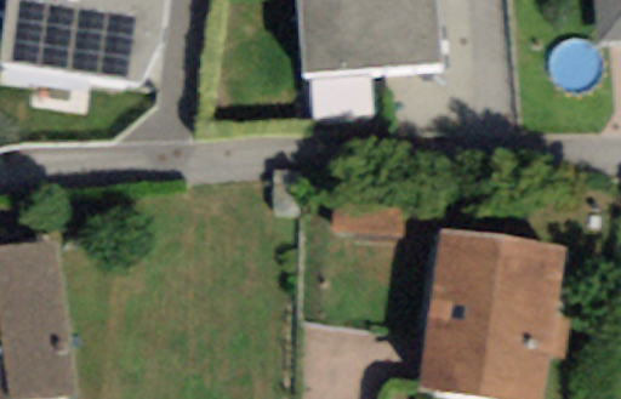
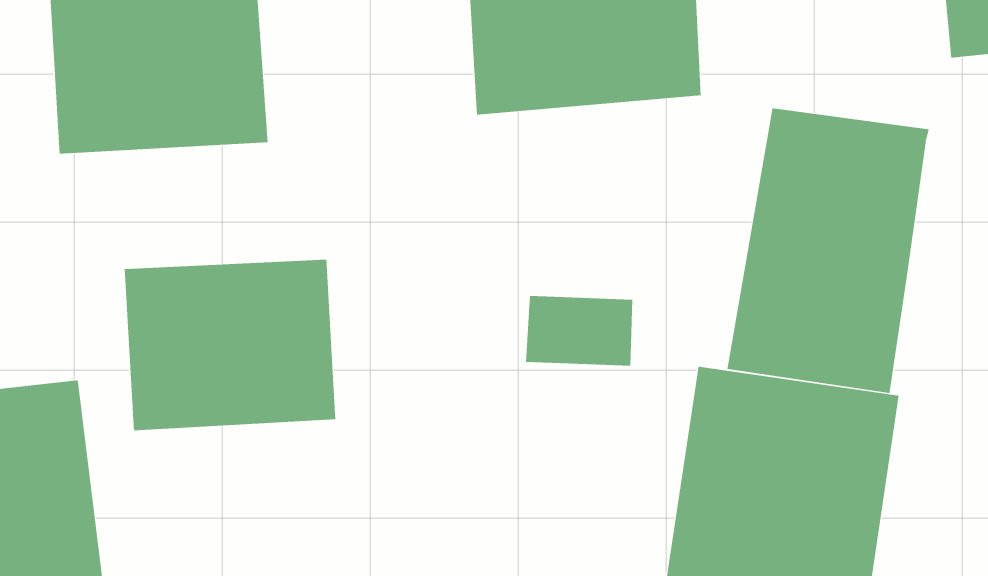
building: none -> [727,107,929,394]
building: none -> [124,259,336,431]

